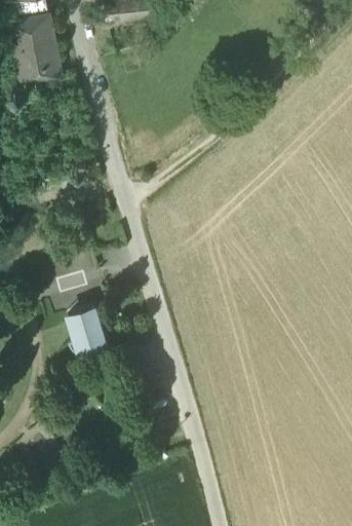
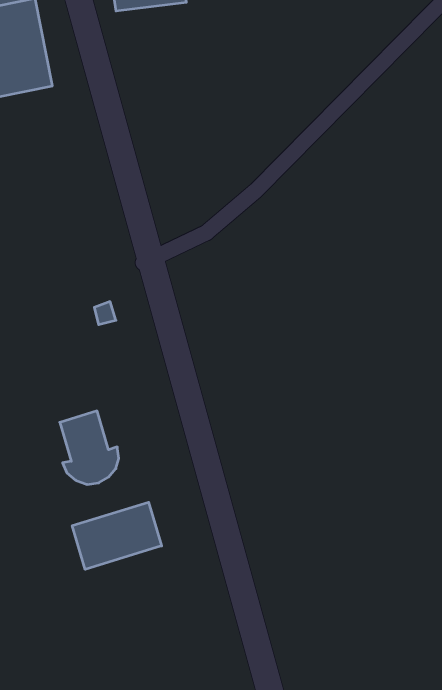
building: none -> [72,502,162,569]

